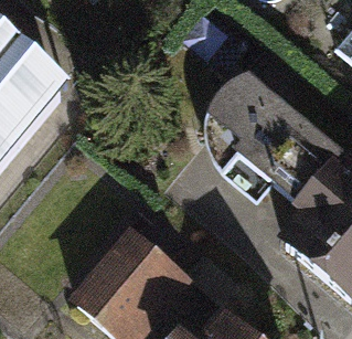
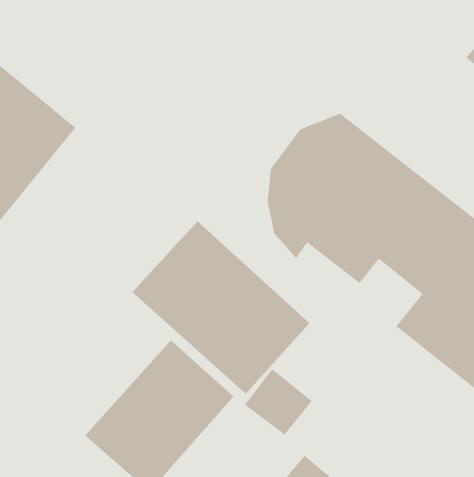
building: none -> [131,220,310,395]

